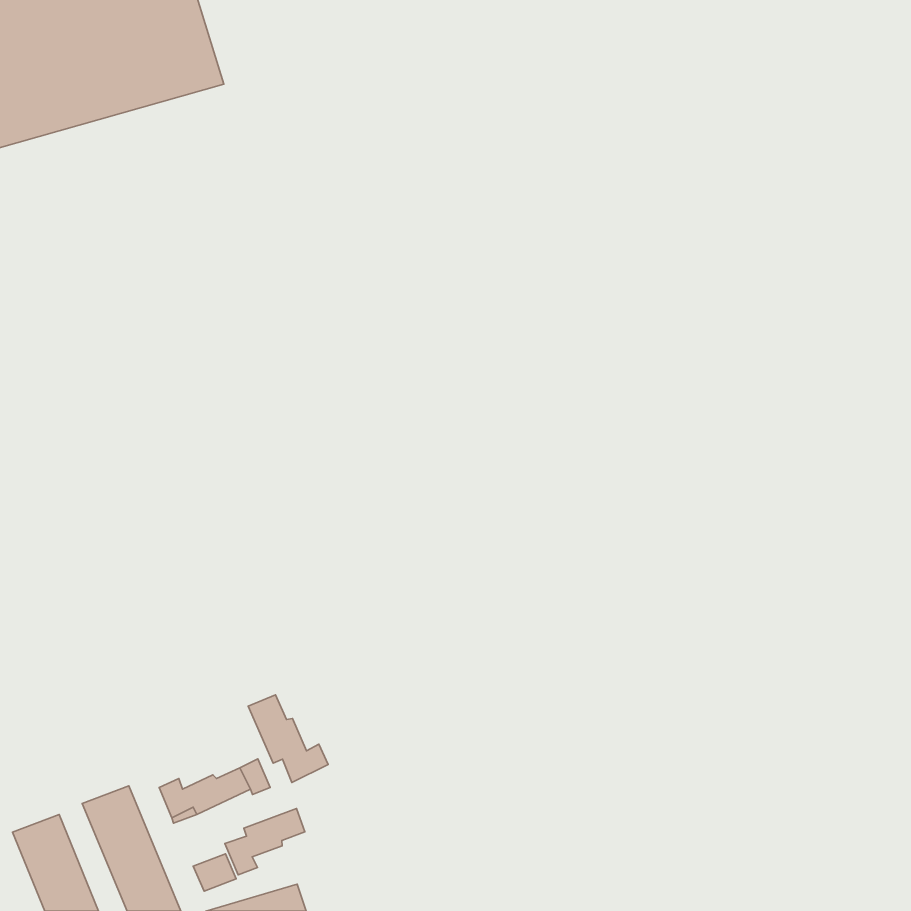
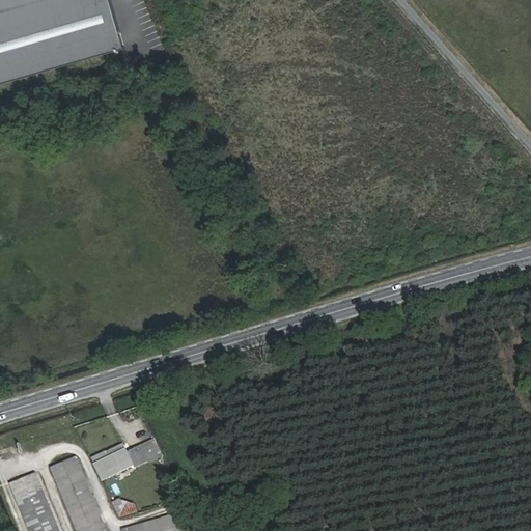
building: [248,695,328,783] -> none
building: [225,808,305,875] -> none

